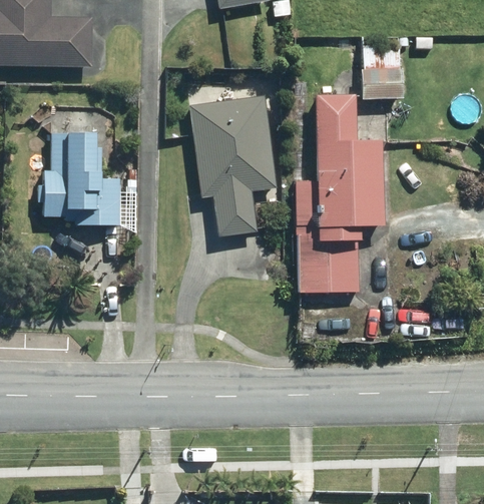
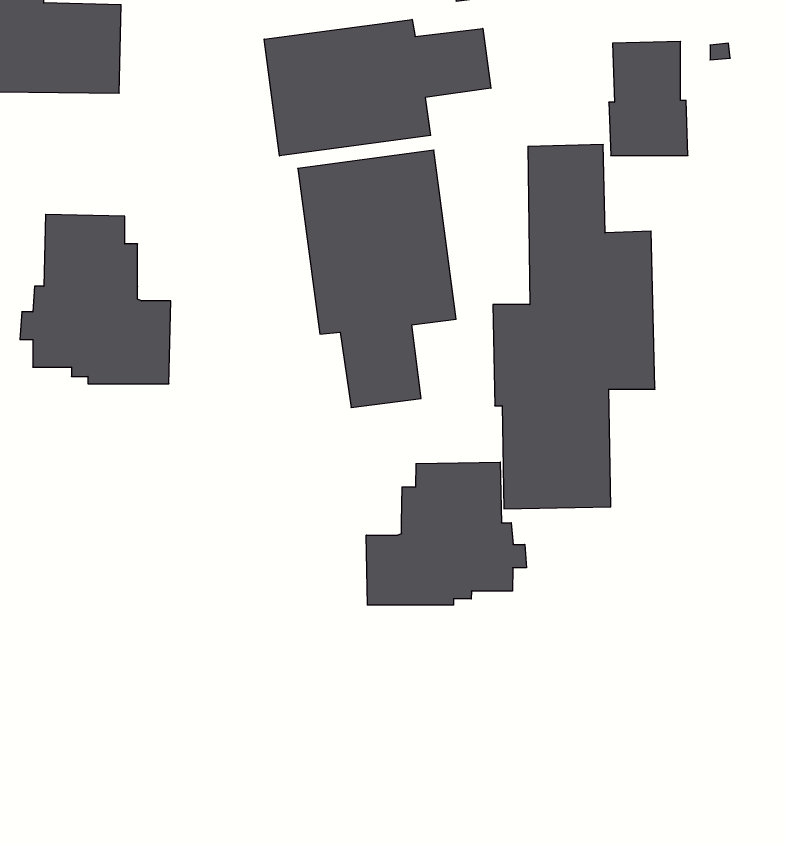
building: none -> [264,19,491,156]
building: none -> [366,462,526,605]

